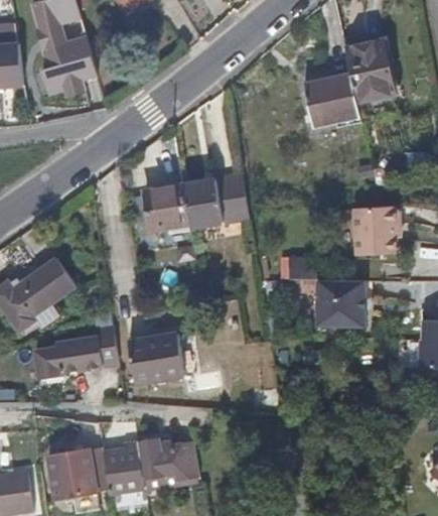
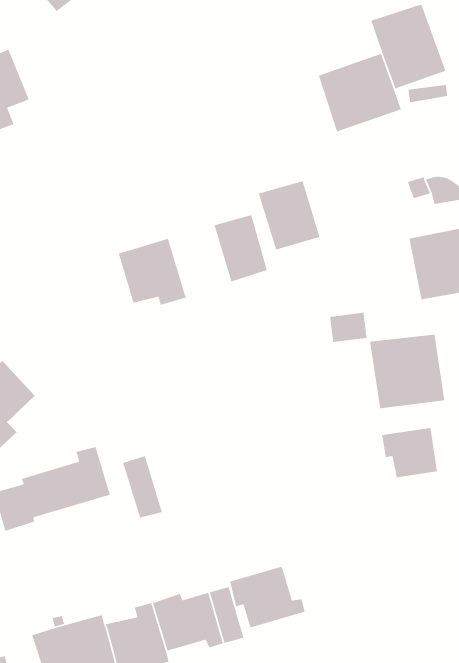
building: [182,181,223,229] -> [258,180,321,251]
building: [146,335,185,381] -> none
building: none -> [381,427,438,478]
building: none -> [229,566,306,629]

